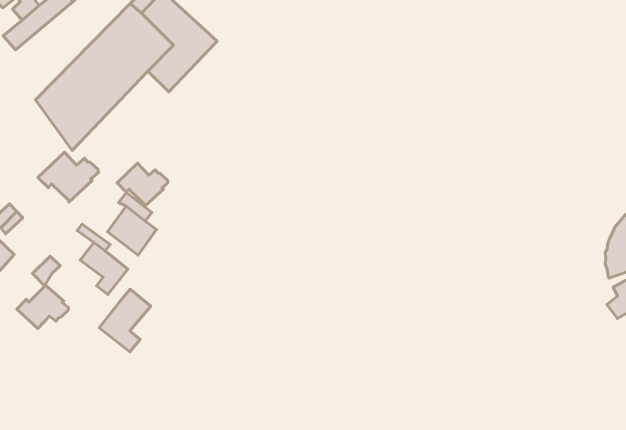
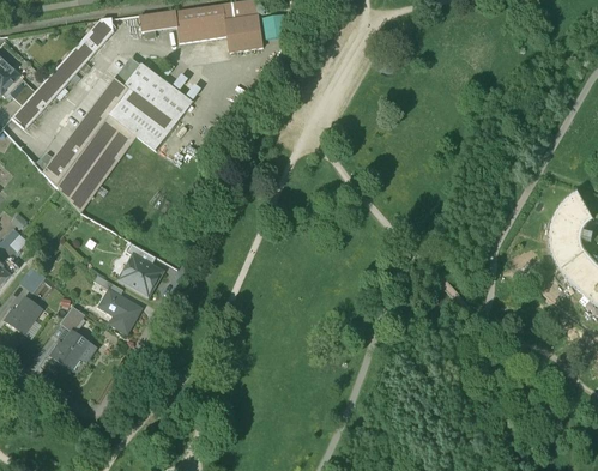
building: [38,152,98,202] -> none
building: [117,163,168,206] -> none
building: [99,289,151,352] -> none

